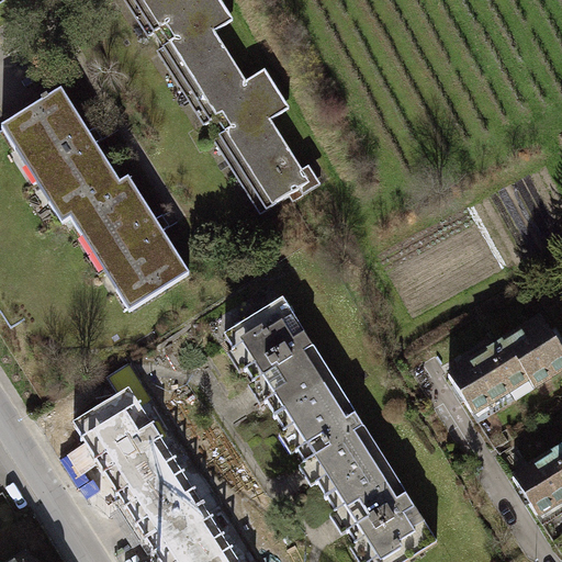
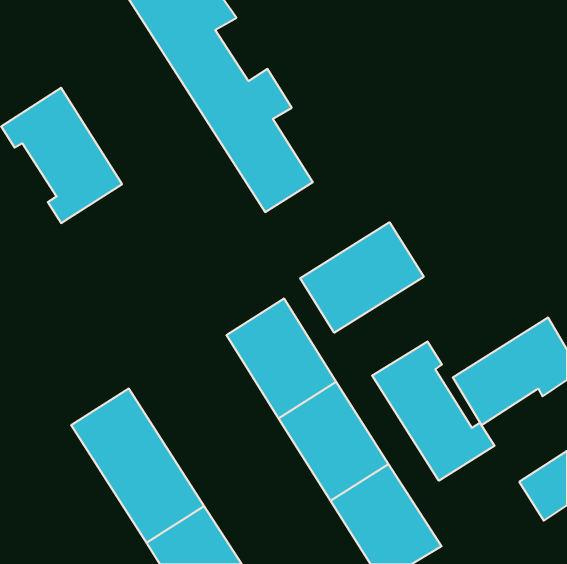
building: [69,177,189,308] -> none
building: none -> [300,222,424,333]
building: none -> [372,341,495,481]

